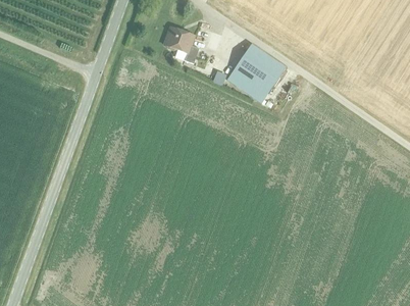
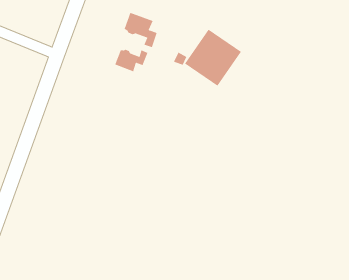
building: none -> [115,49,148,72]

